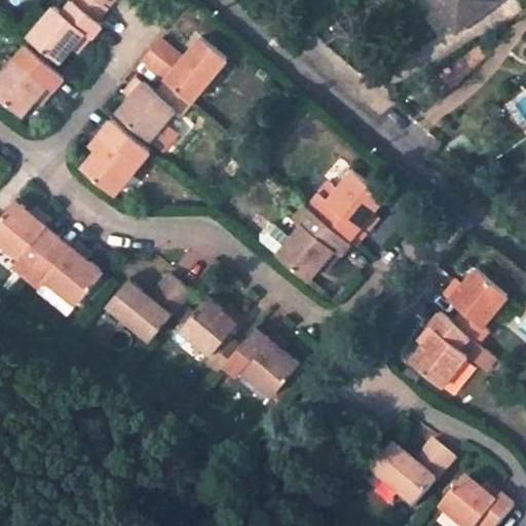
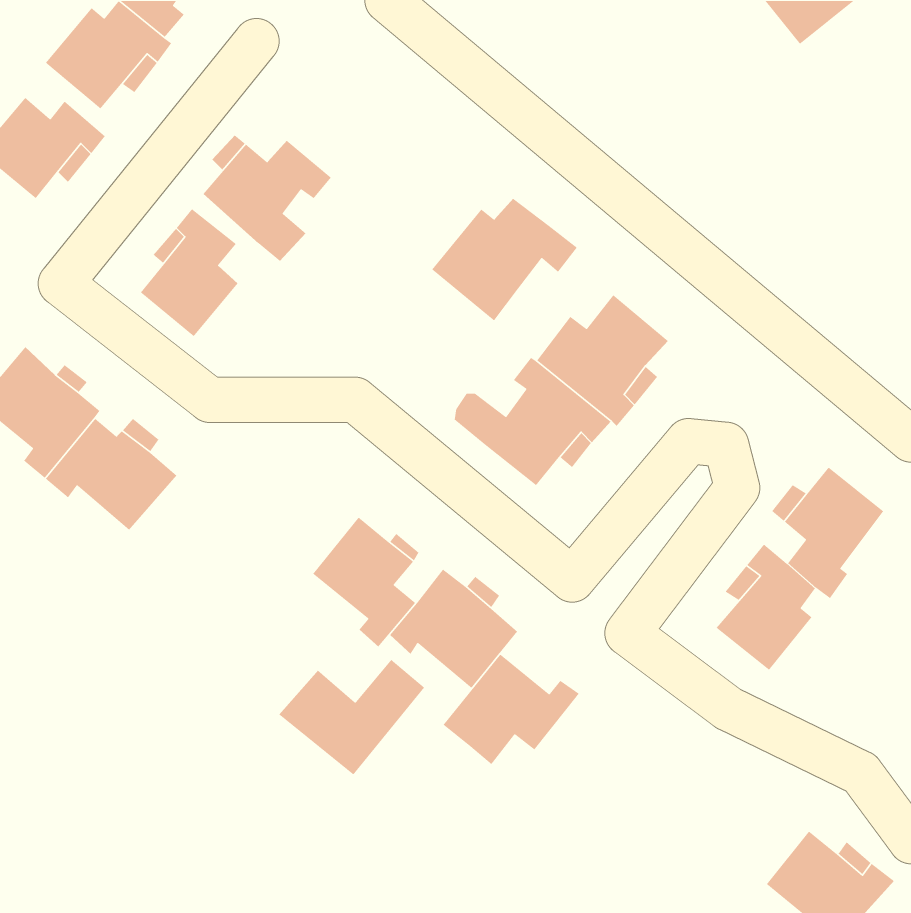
building: [139,38,226,104] -> none
building: none -> [431,198,578,321]
building: [105,274,189,341] -> [278,659,425,775]
building: none -> [442,653,580,765]
building: [371,440,454,508] -> none

